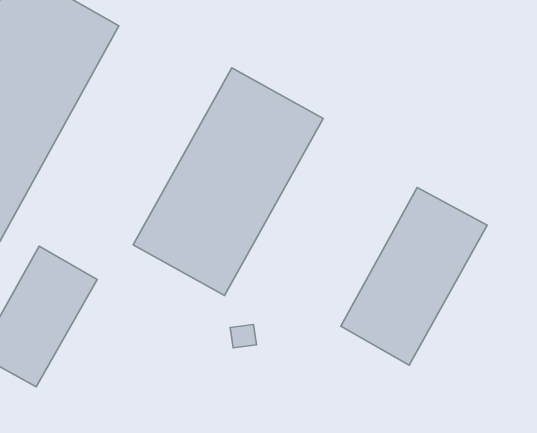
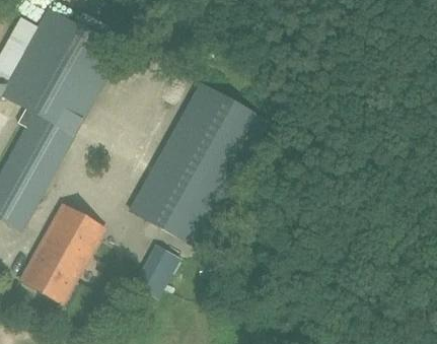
building: [341,187,487,365] -> none
building: none -> [132,244,178,299]

